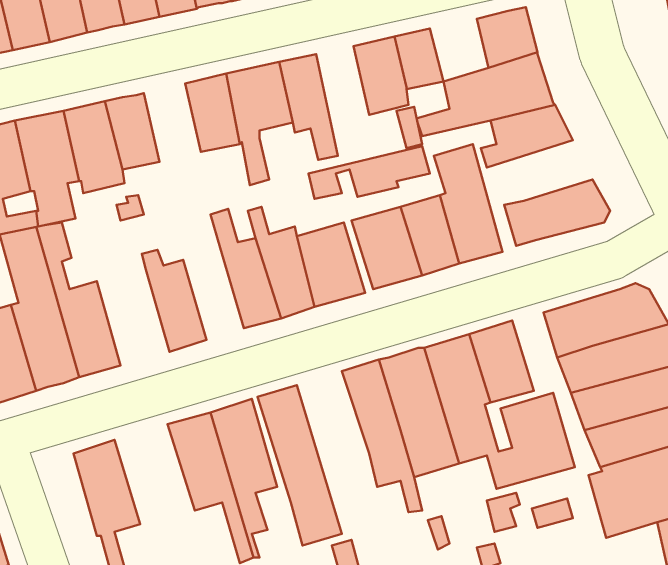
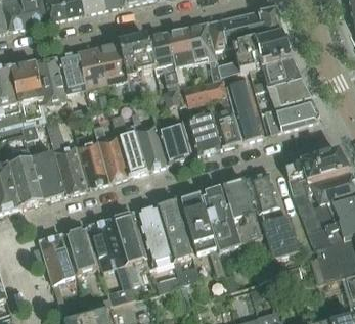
building: none -> [225,13,256,46]
building: none -> [166,28,193,85]
building: none -> [76,47,105,88]
building: none -> [255,77,310,108]
building: none -> [46,119,85,194]
building: none -> [92,125,128,181]
building: none -> [156,198,198,282]
building: none -> [63,226,97,272]

